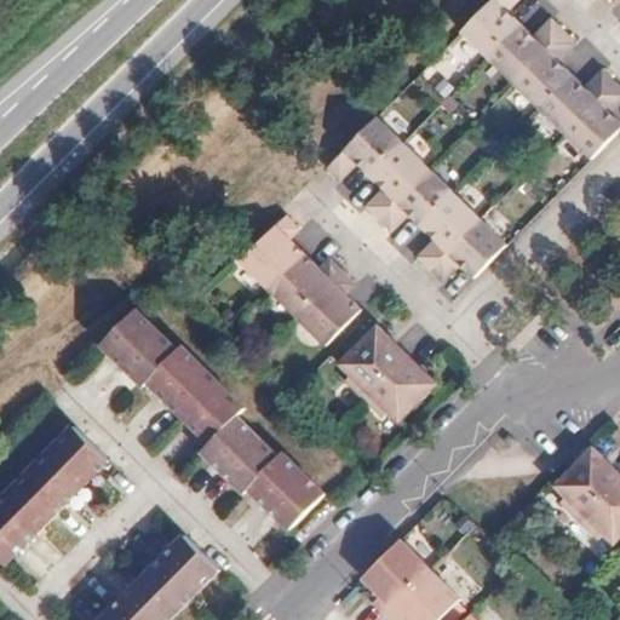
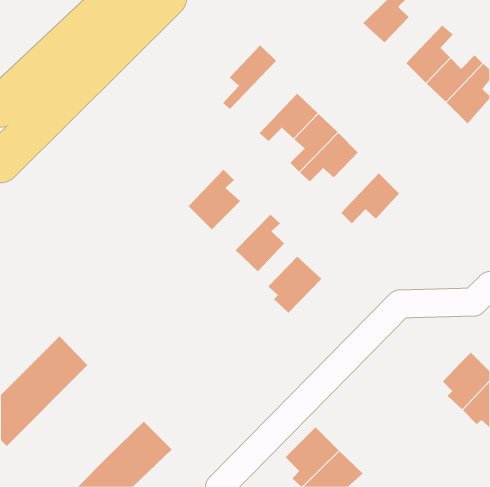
building: [486,18,558,80] -> none
building: none -> [222,45,277,110]
building: [418,193,478,269] -> none
building: [268,254,341,316] -> none
building: [101,309,321,529] -> none
building: [364,352,436,419] -> none

